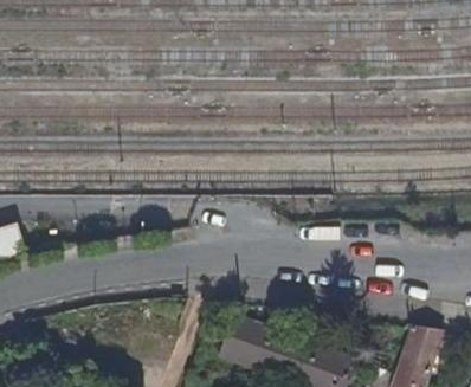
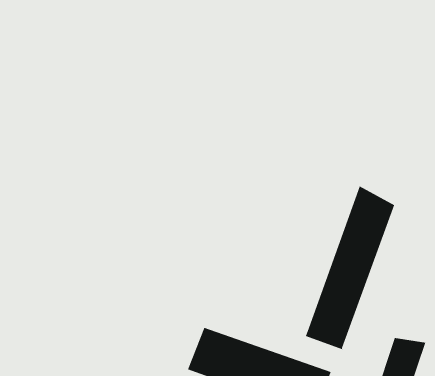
building: none -> [305,186,395,350]

